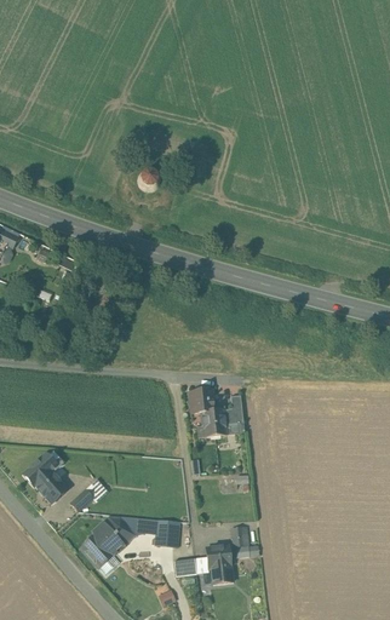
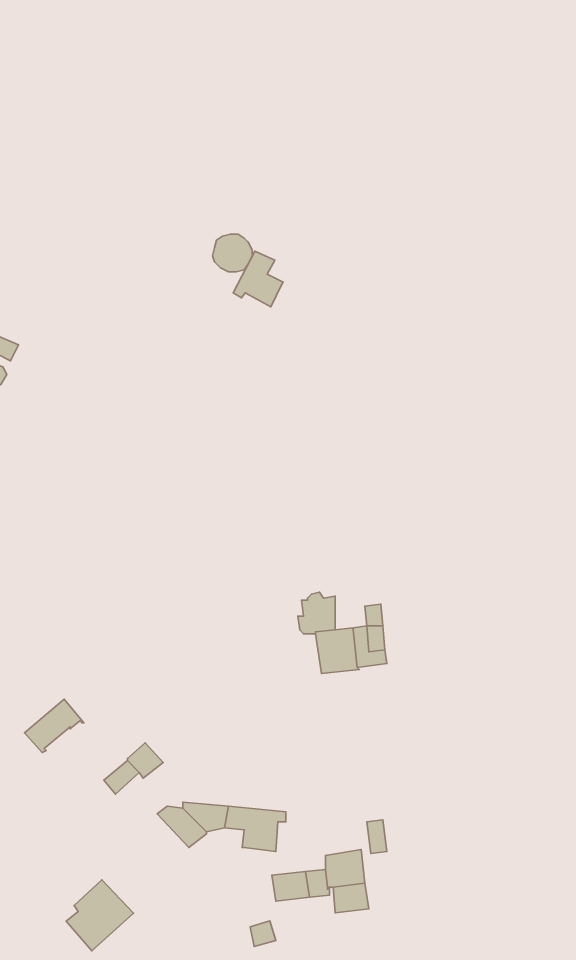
building: none -> [233,251,283,307]
building: [34,470,67,503] -> none
building: [81,523,122,567] -> [66,880,134,951]

